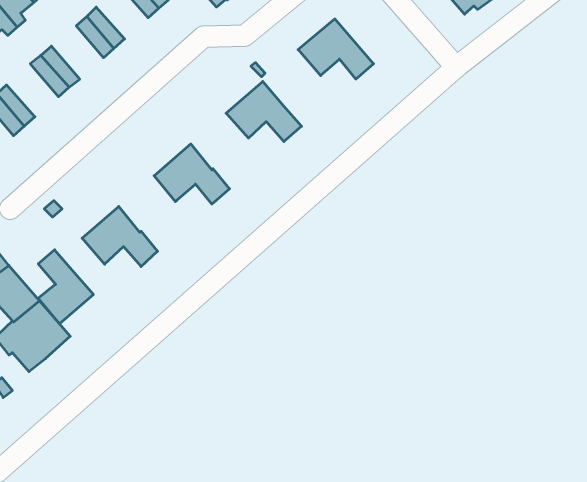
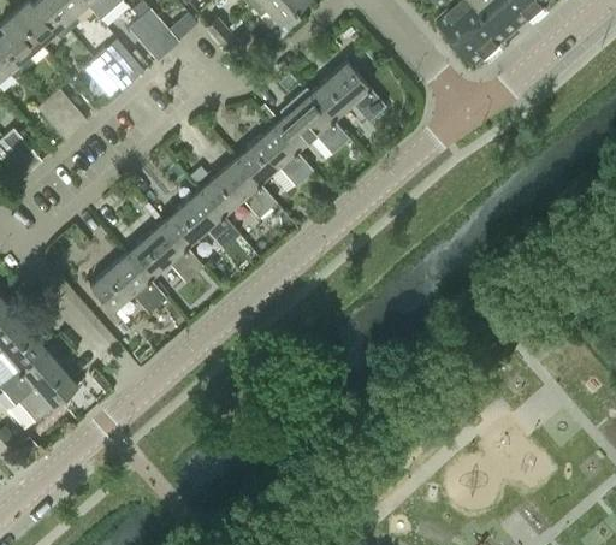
building: none -> [273,89,349,154]
building: none -> [200,158,276,218]
building: none -> [126,221,203,282]
building: [38,250,93,324] -> none

